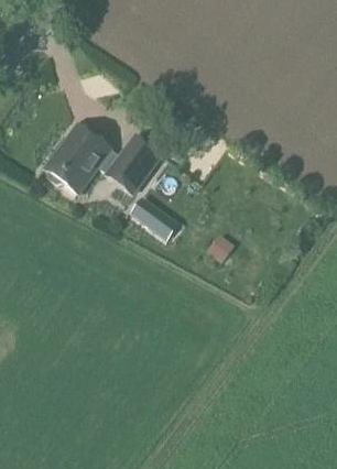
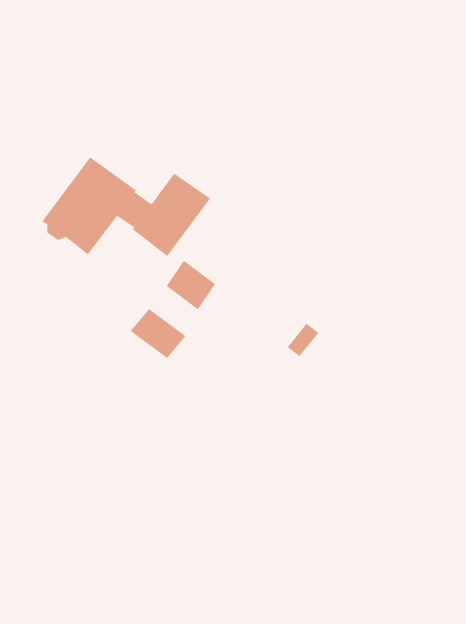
building: none -> [130,308,186,359]

